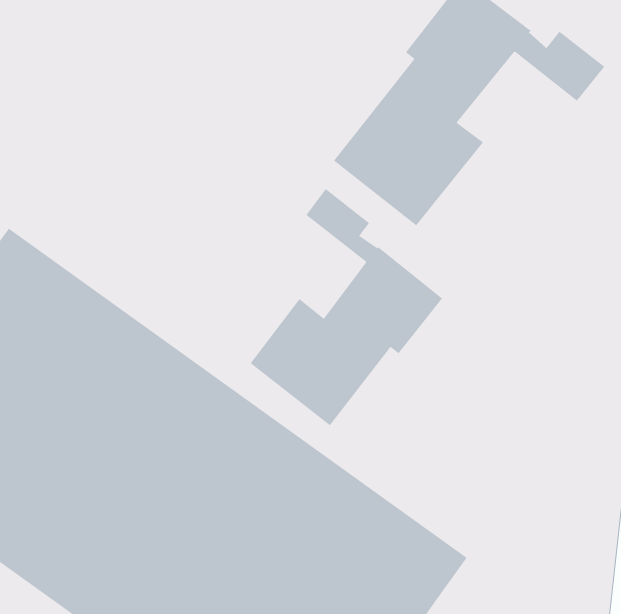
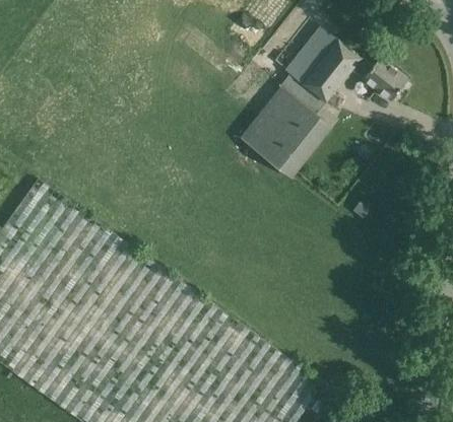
building: [250,188,443,426] -> none

